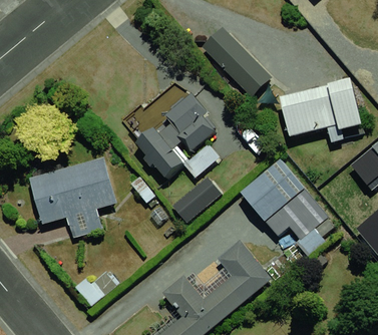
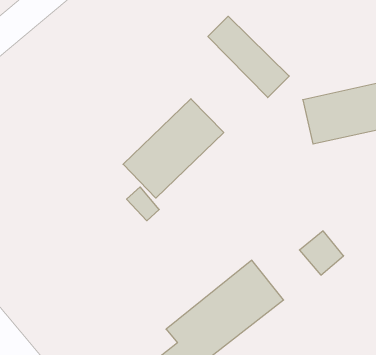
building: [244,159,312,225] -> none
building: [28,162,119,238] -> none
building: [169,175,220,221] -> none

